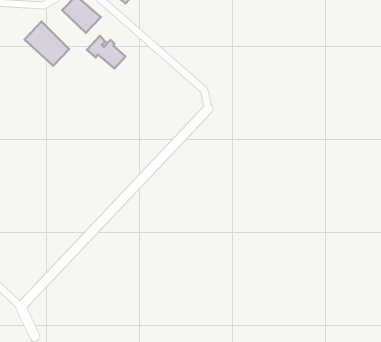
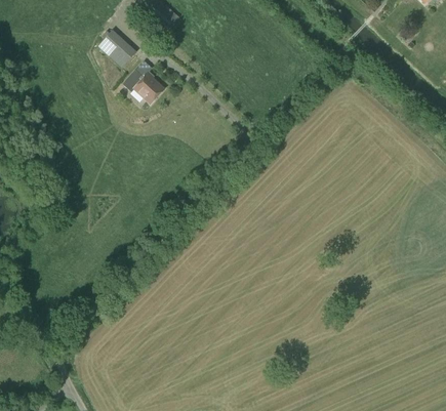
building: [24,21,69,66] -> none

